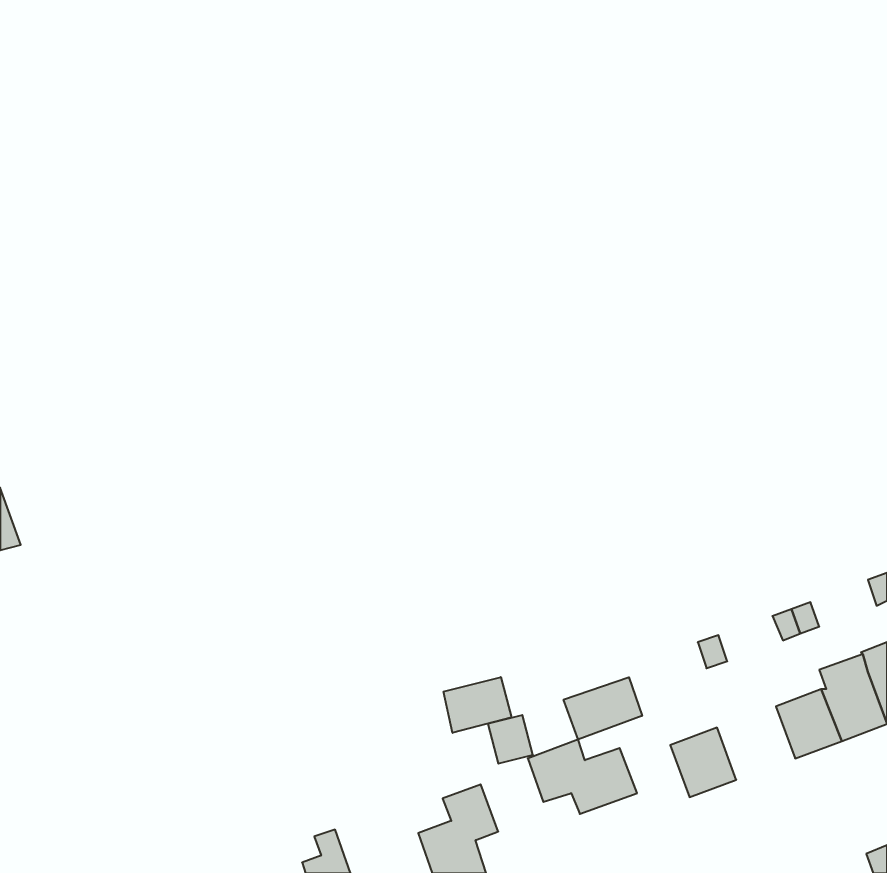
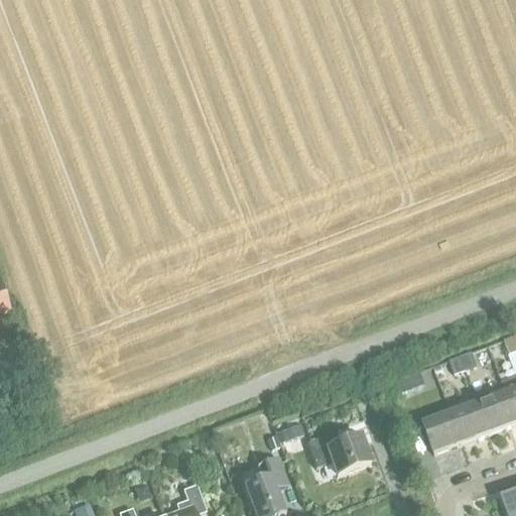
building: [444,677,512,733] -> none
building: [564,677,642,739] -> none
building: [670,728,736,797] -> [423,410,462,450]

